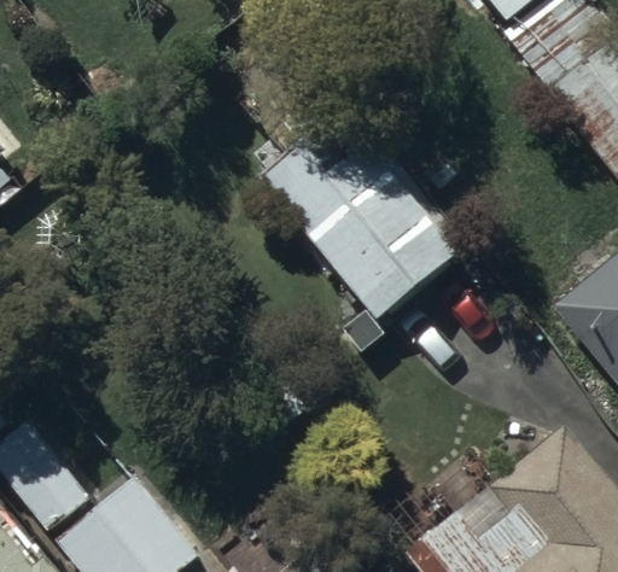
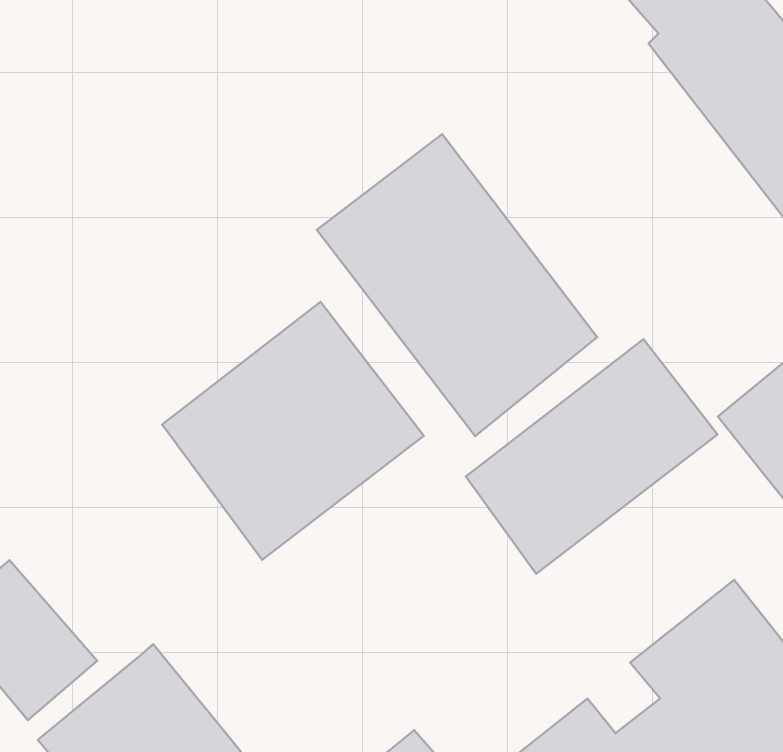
building: none -> [162,302,424,560]
building: none -> [466,339,717,574]

